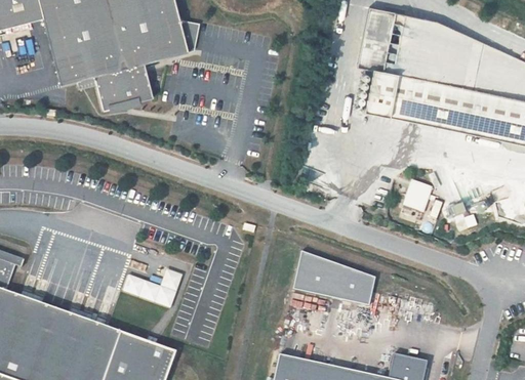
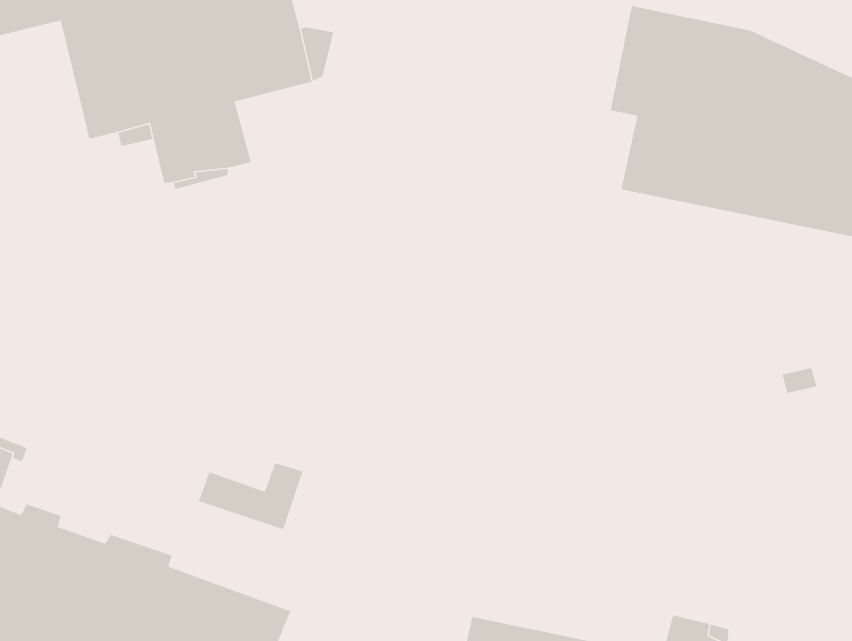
building: [404,181,433,213] -> none
building: [292,257,374,304] -> none

